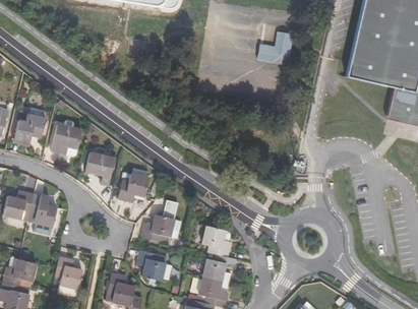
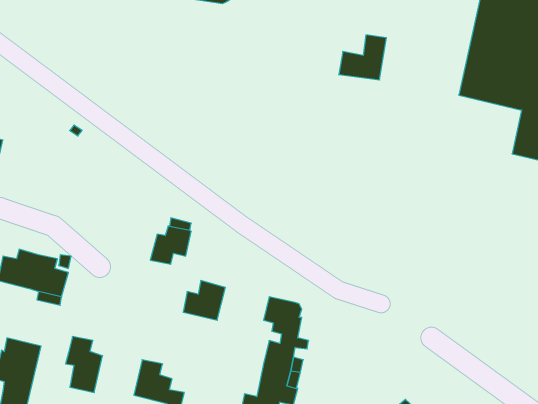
building: [14,112,45,141] -> none
building: [50,124,80,155] -> none
building: [84,151,114,184] -> none
building: [136,249,166,280] -> none

